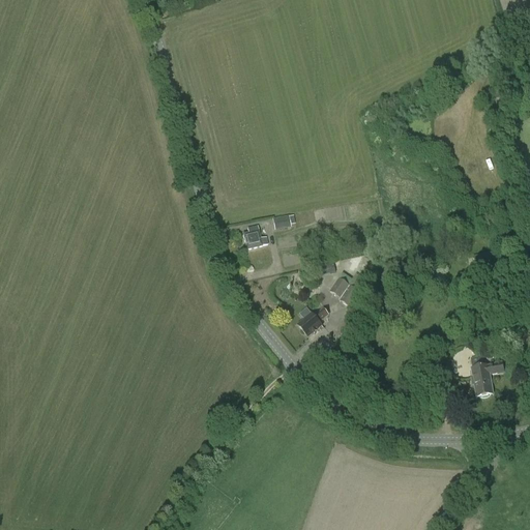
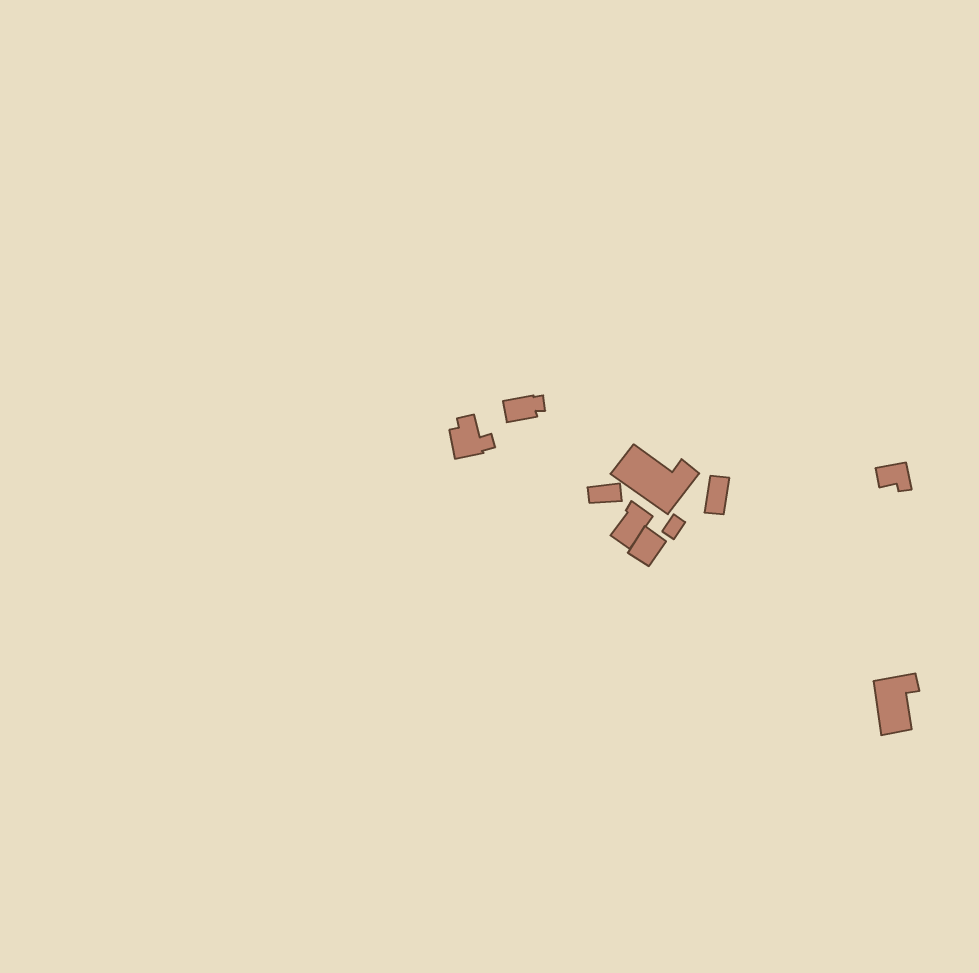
building: none -> [610,444,699,514]
building: [297,305,328,334] -> none

